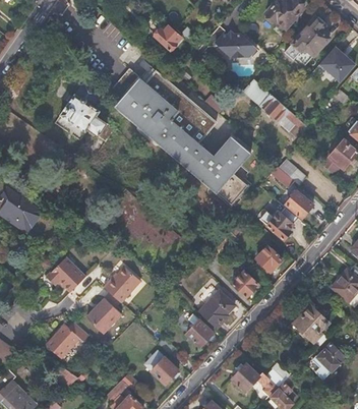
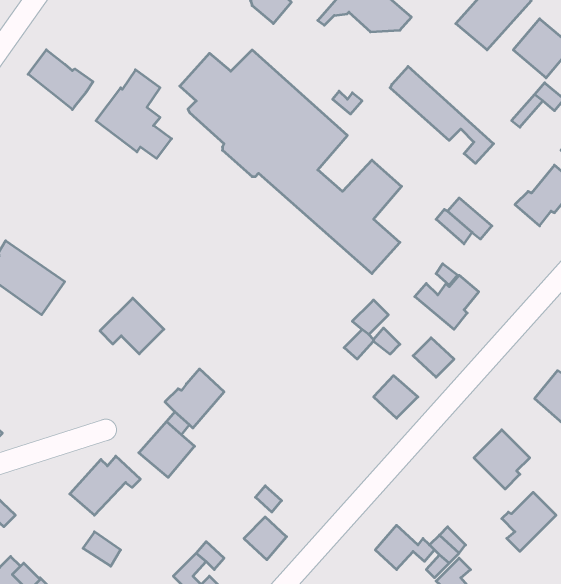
building: none -> [28,50,93,110]
building: [283,189,312,218] -> none
building: [45,257,84,292] -> [100,298,164,354]
building: [200,286,237,328] -> none
building: [187,314,214,346] -> none

